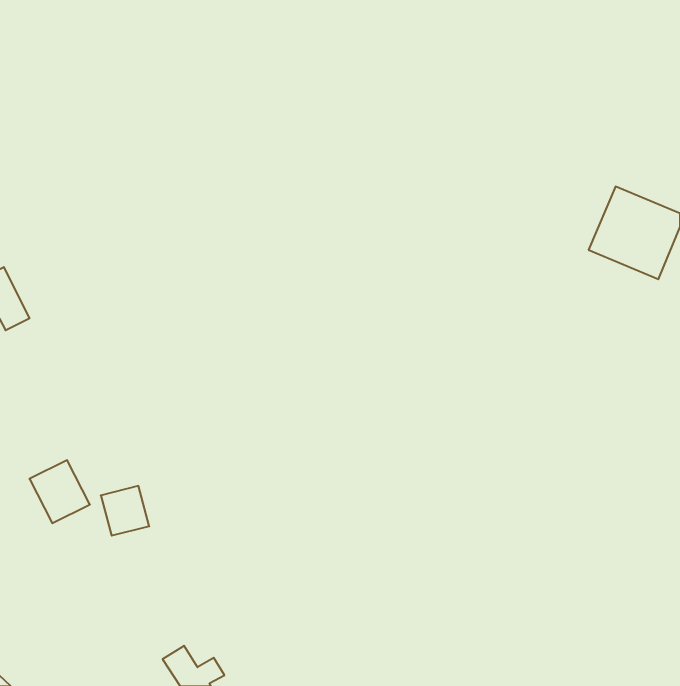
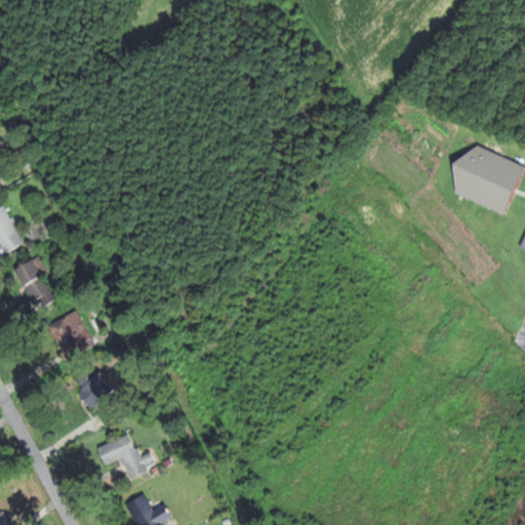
building: none -> [14,256,54,309]
building: [29,460,90,523] -> [47,310,93,358]
building: none -> [96,433,155,477]

